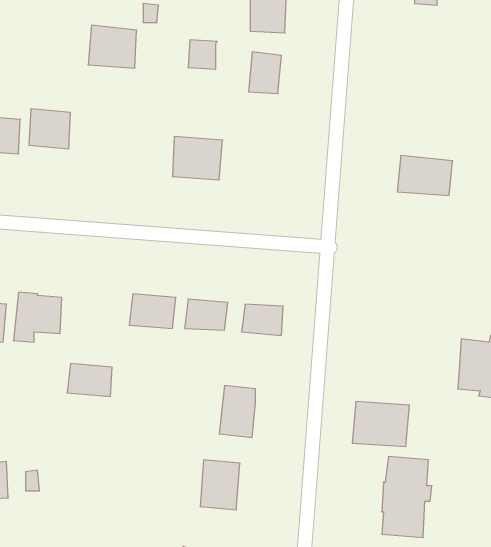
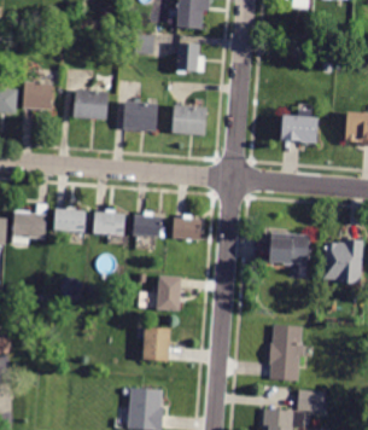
building: [88,25,137,68] -> [74,89,107,120]
building: none -> [171,105,206,135]
building: [67,364,112,396] -> [54,209,86,232]
building: [352,402,409,447] -> [269,233,309,265]

